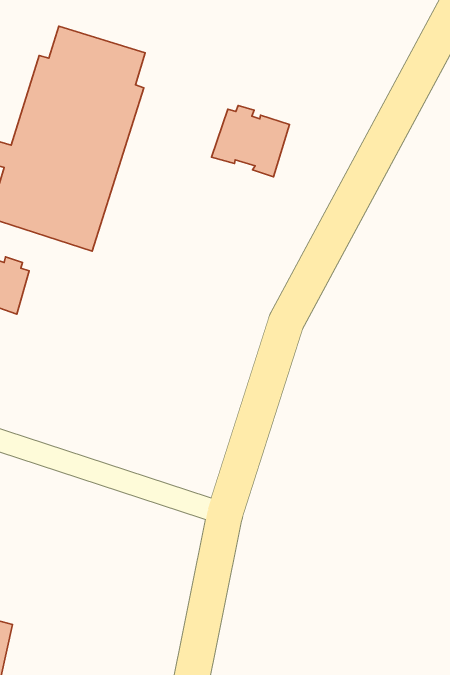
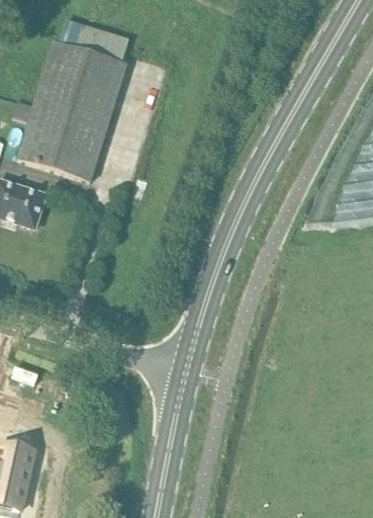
building: [212,105,289,177] -> none

